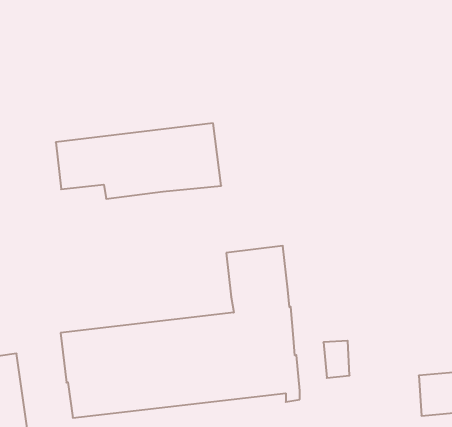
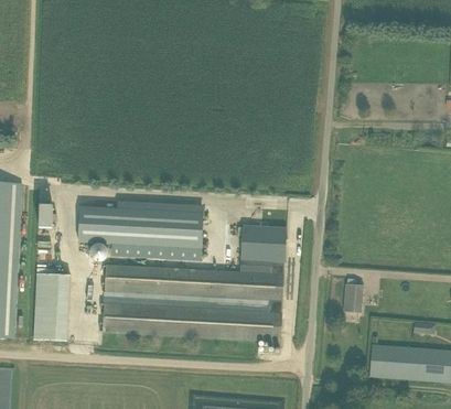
building: [56,123,221,199] -> [77,205,202,260]
building: [323,341,350,378] -> [343,283,364,312]

